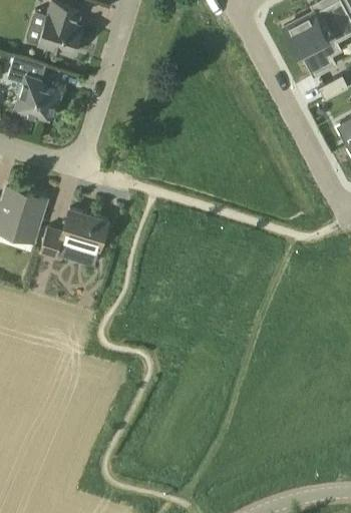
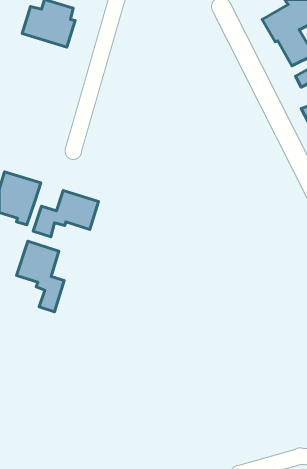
building: [8,55,62,119] -> none
building: none -> [17,241,64,312]

